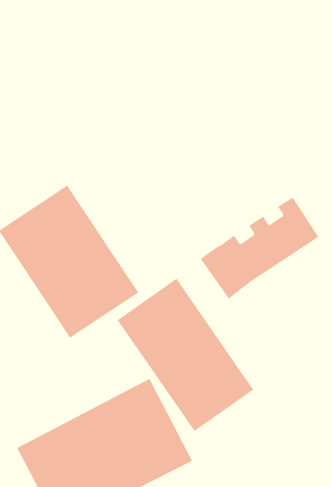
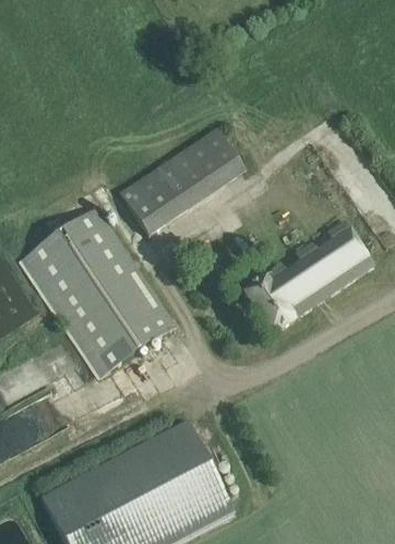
building: none -> [120,129,250,235]
building: [117,278,254,432] -> none

